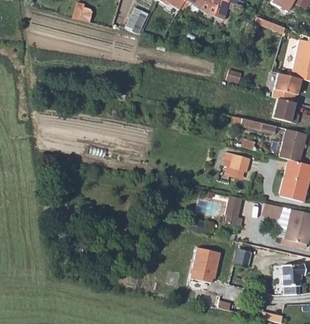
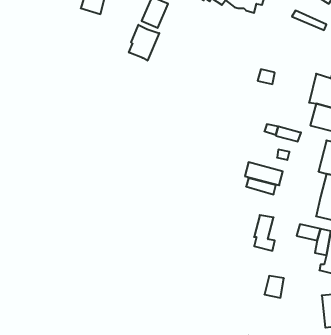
building: none -> [129,25,159,61]
building: [187,246,219,284] -> none

